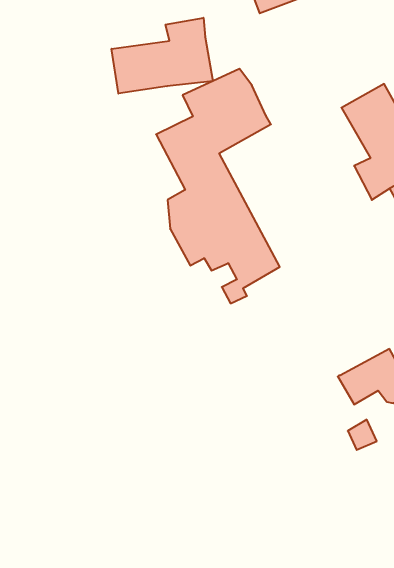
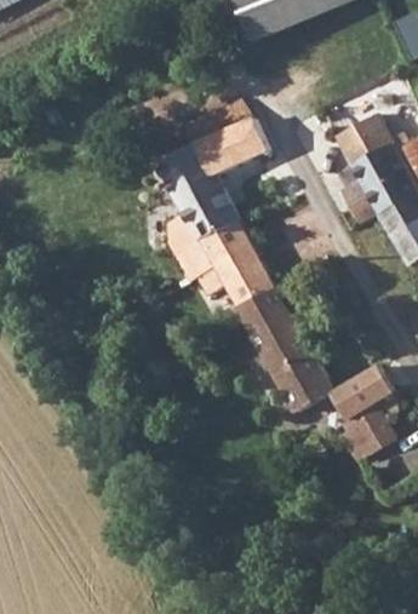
building: [112,18,213,94] -> none
building: none -> [239,286,332,409]

